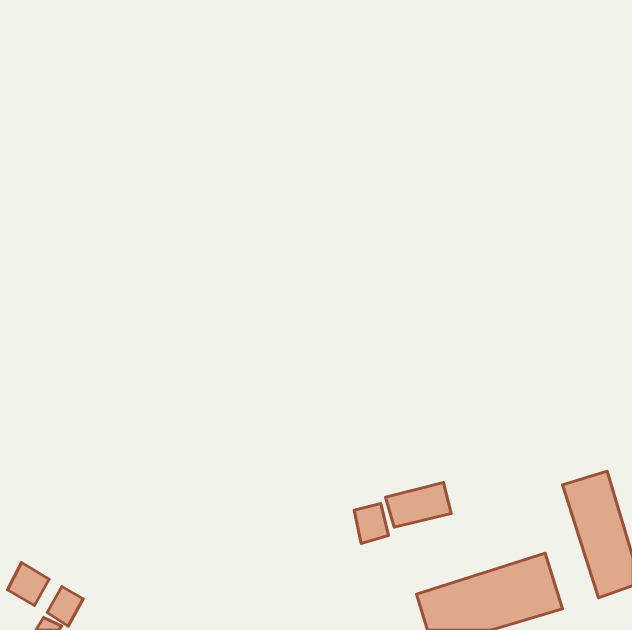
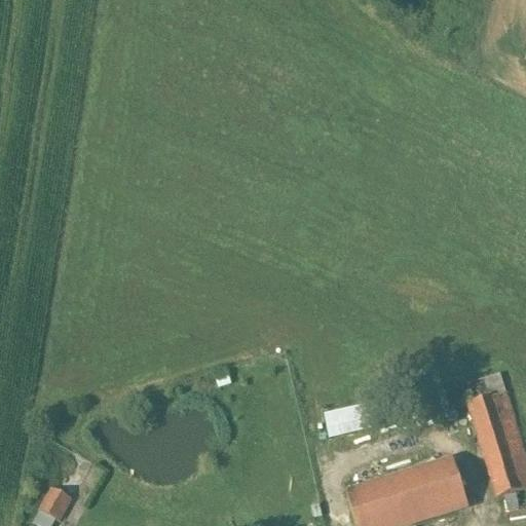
building: [354,504,388,544] -> none
building: [7,562,49,605] -> none

